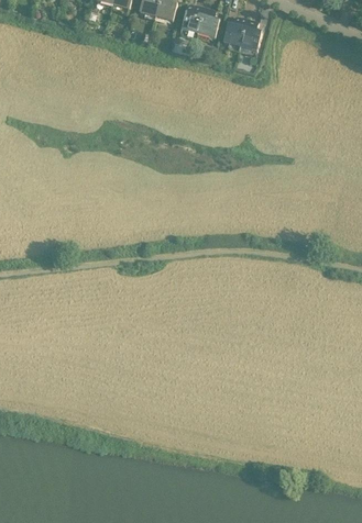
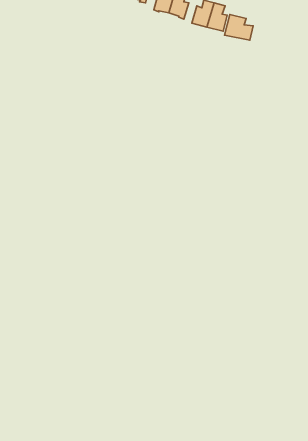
building: none -> [225,14,253,40]

